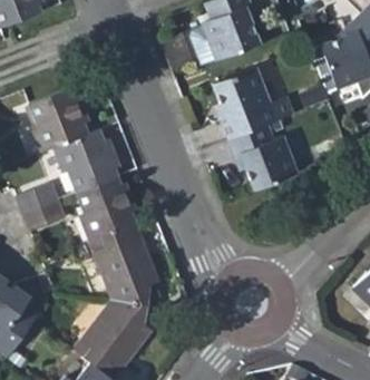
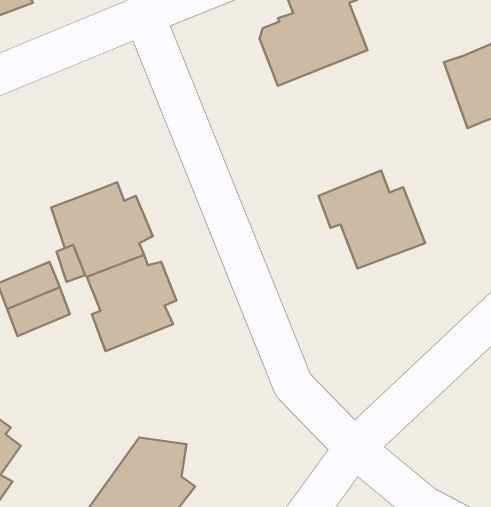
building: [215,65,295,137] -> none
building: [28,86,86,150] -> none
building: [89,222,155,301] -> none

